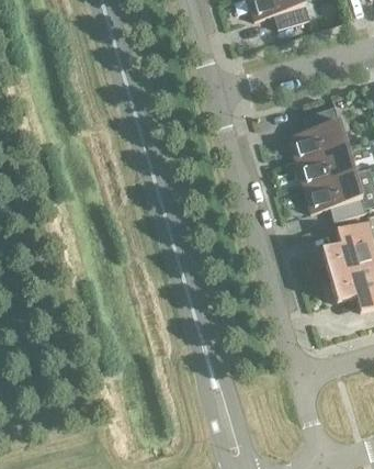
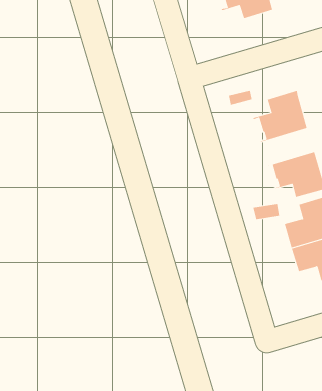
building: [295,146,354,187] -> none

